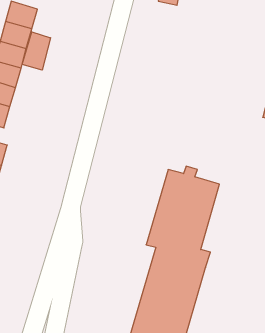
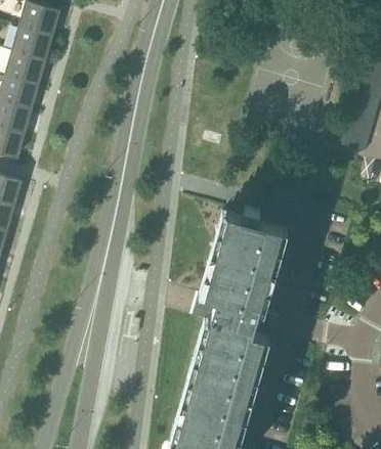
building: [22,32,51,70] -> none

